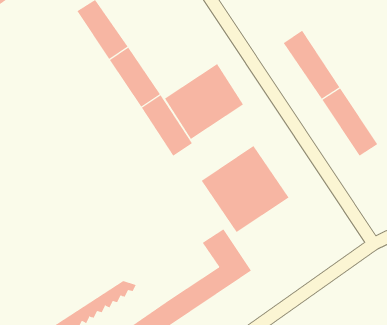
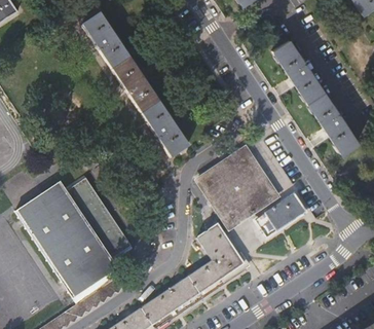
building: [164,63,244,140] -> none
building: none -> [15,177,135,297]
building: none -> [256,194,305,236]

